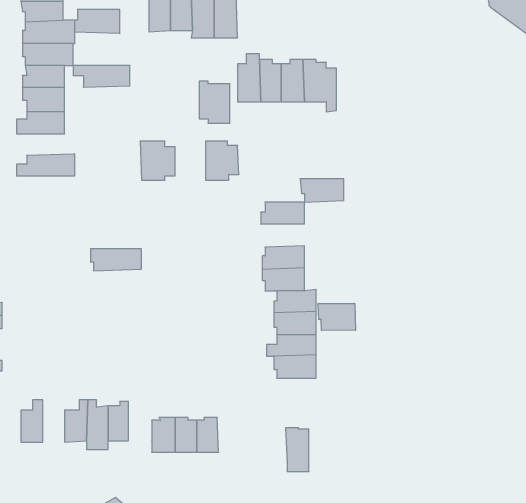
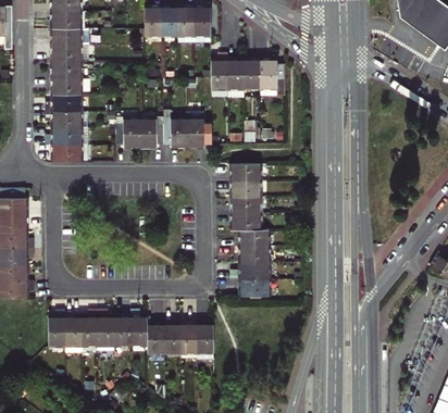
building: [75,9,120,34] -> none
building: [73,65,130,87] -> [46,113,88,129]
building: [199,81,230,123] -> [164,116,187,148]
building: none -> [115,117,139,148]
building: [300,179,344,202] -> [228,180,261,198]
building: [90,249,141,271] -> [51,145,89,161]
building: [318,303,355,330] -> none
building: none -> [129,312,147,342]
building: none -> [65,316,82,351]
building: [286,428,309,471] -> [196,325,213,358]

